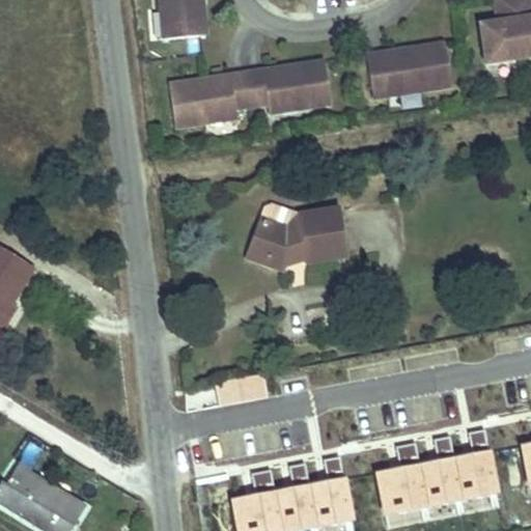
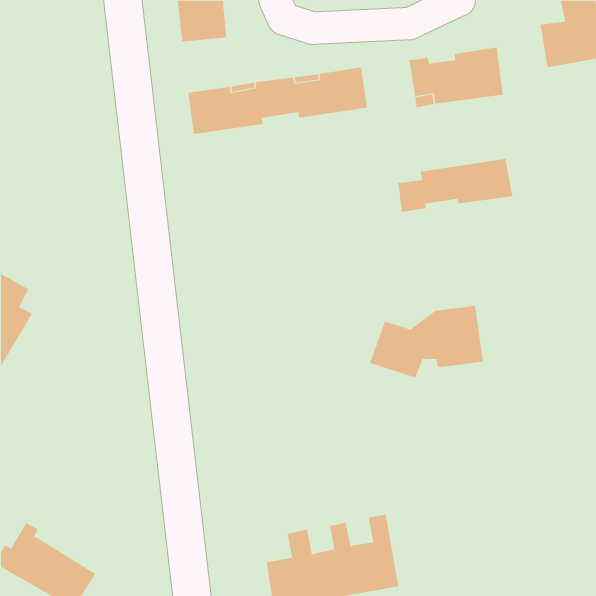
building: none -> [398,158,513,213]
building: [240,205,341,270] -> [369,306,484,378]
building: [382,429,501,514] -> none

